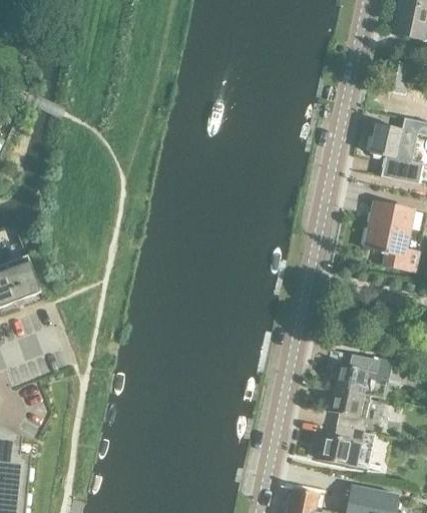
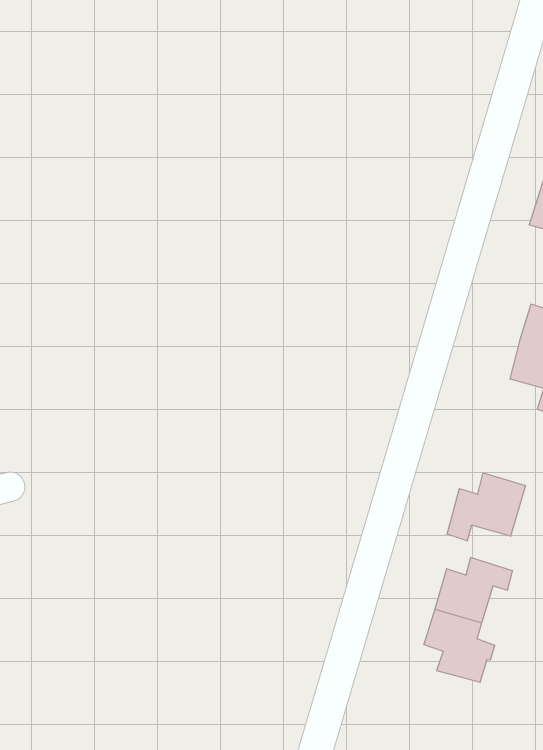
building: none -> [447,473,525,541]
building: [315,428,373,469] -> none

